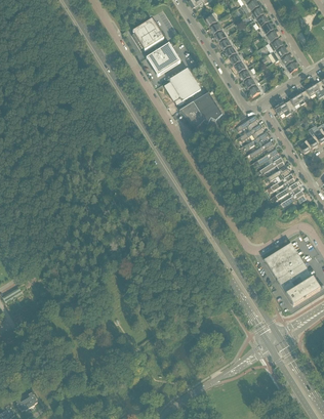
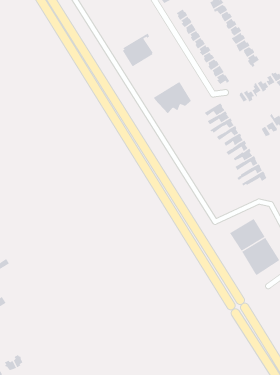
building: [131,18,165,49] -> none
building: [163,68,201,106] -> none

